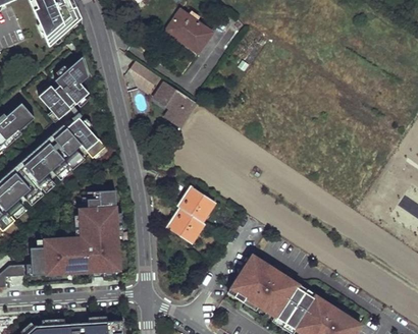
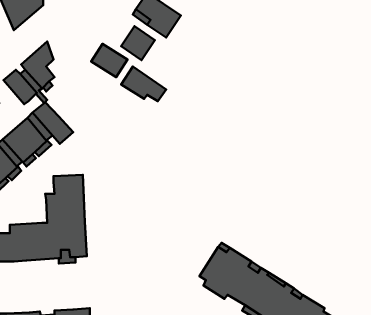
building: none -> [121,26,155,60]
building: [167,187,214,243] -> none

